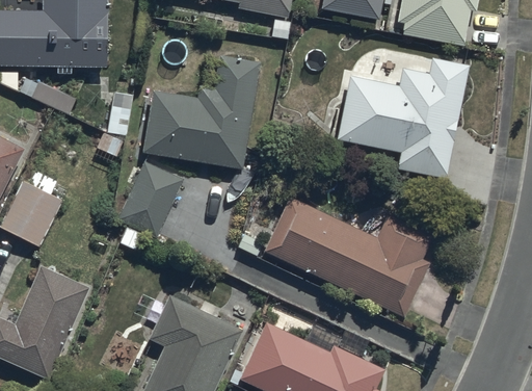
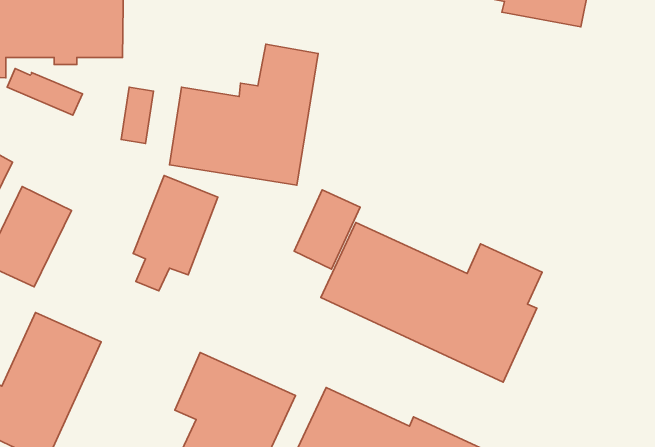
building: [336,56,468,177] -> none
building: none -> [294,190,360,269]

